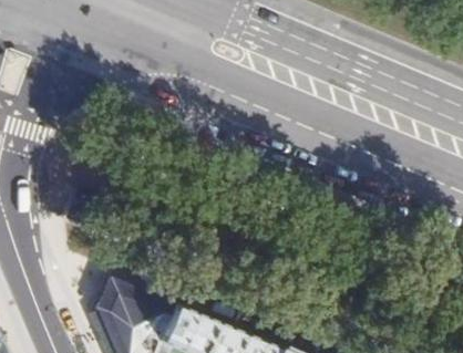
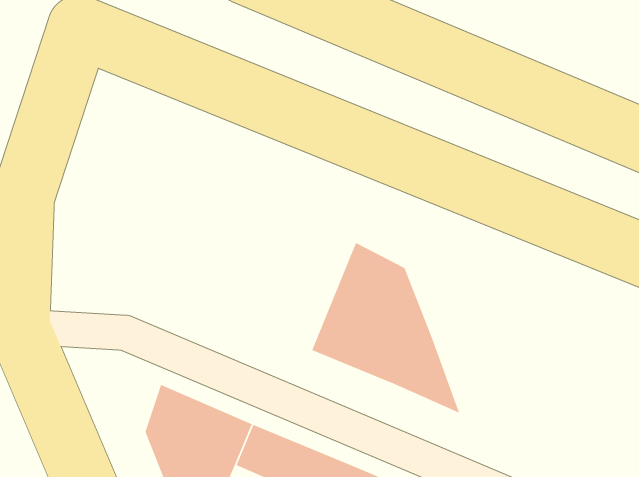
building: none -> [311,242,460,414]

